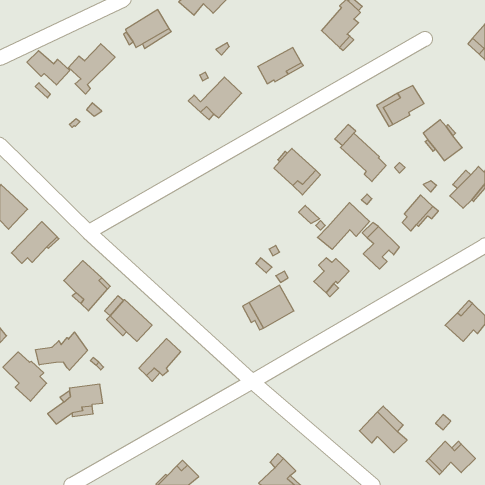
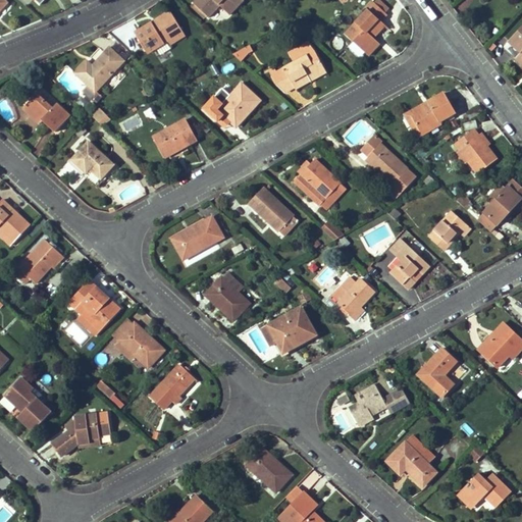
building: [27,51,70,85] -> [23,94,69,130]
building: none -> [153,117,197,156]
building: none -> [70,141,113,178]
building: none -> [248,186,298,234]
building: none -> [171,215,222,259]
building: [317,203,370,249] -> none
building: none -> [204,272,249,319]
building: none -> [416,348,455,396]
building: [36,332,87,370] -> none
building: none -> [350,384,409,425]
building: none -> [246,448,292,491]

